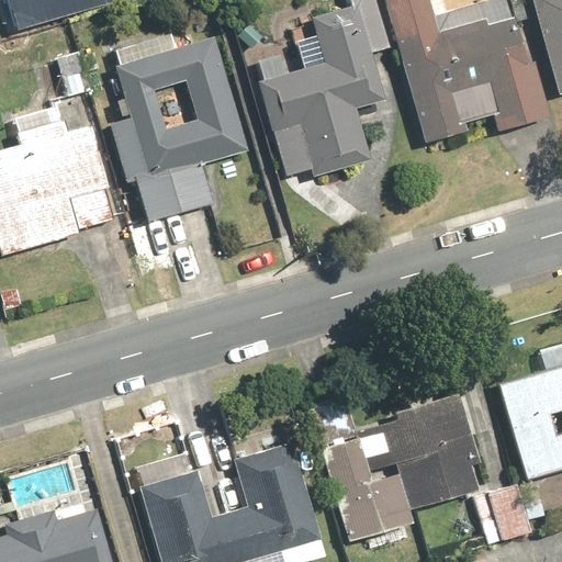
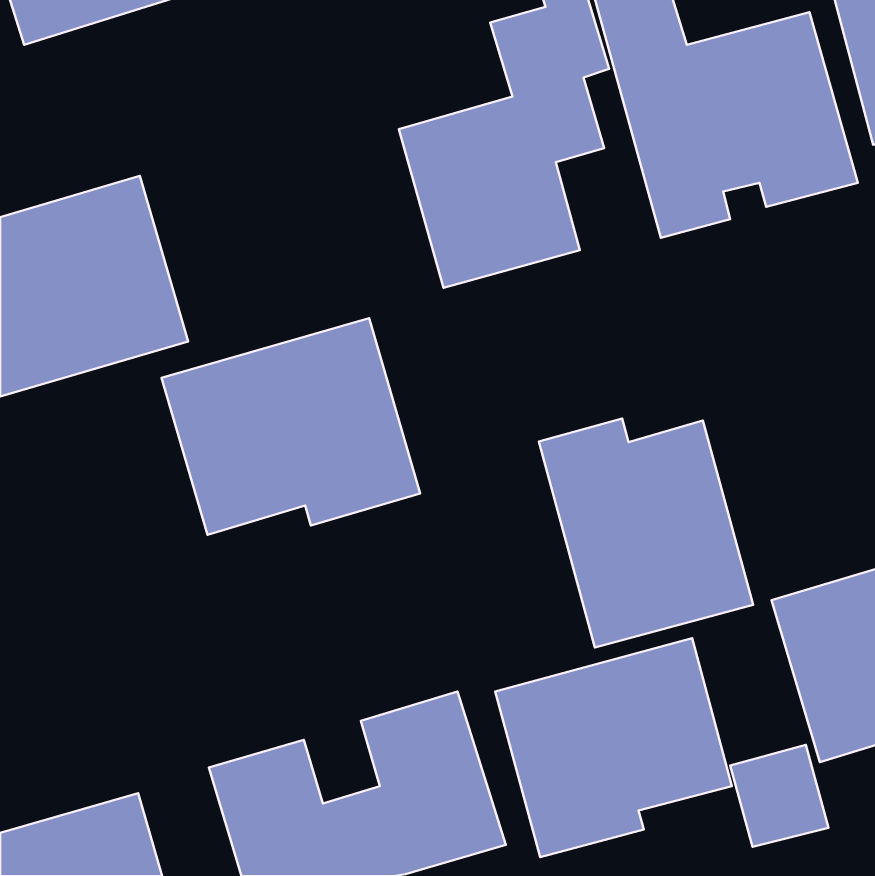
building: [110,37,247,226] -> none
building: none -> [161,318,420,535]
building: none -> [539,418,753,648]

